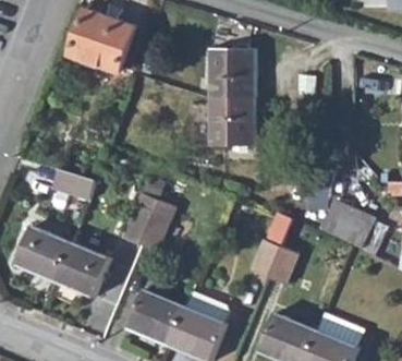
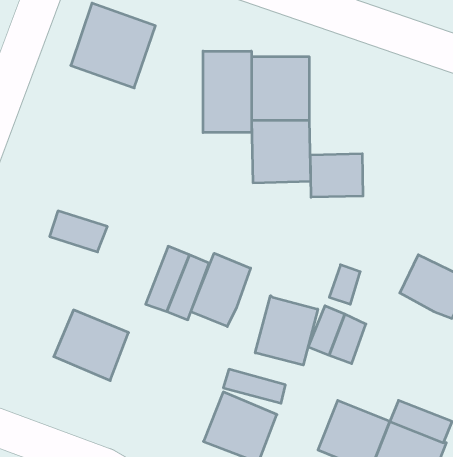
building: none -> [203,51,251,133]
building: none -> [310,154,363,197]
building: none -> [191,253,251,327]
building: [19,230,70,280] -> none
building: none -> [255,296,318,365]
building: [127,291,185,346] -> none

